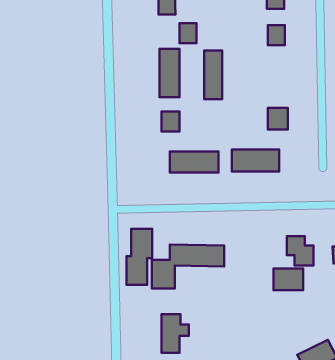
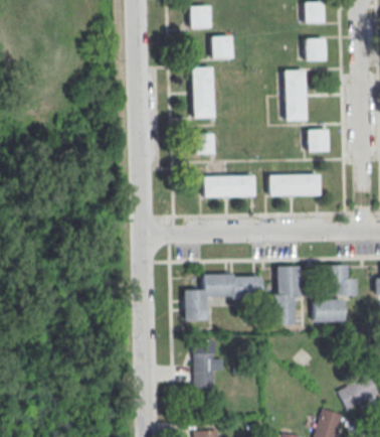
building: [204,51,222,99] -> [286,69,305,121]
building: [126,229,152,285] -> [272,265,300,324]

